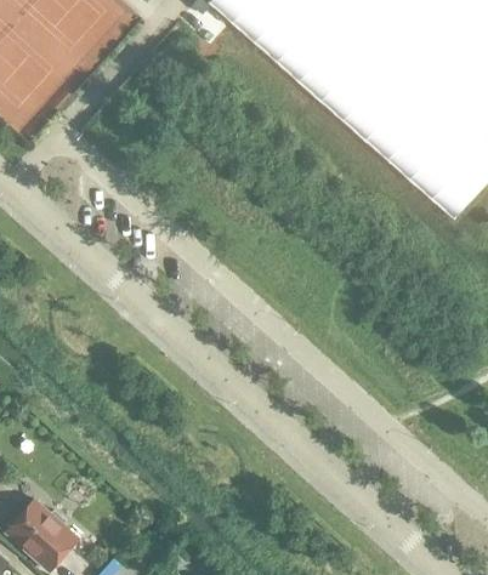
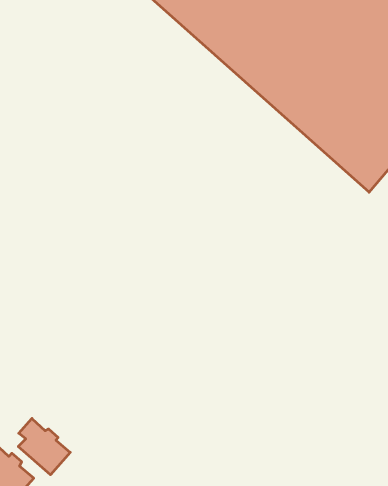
building: none -> [18,418,70,475]

